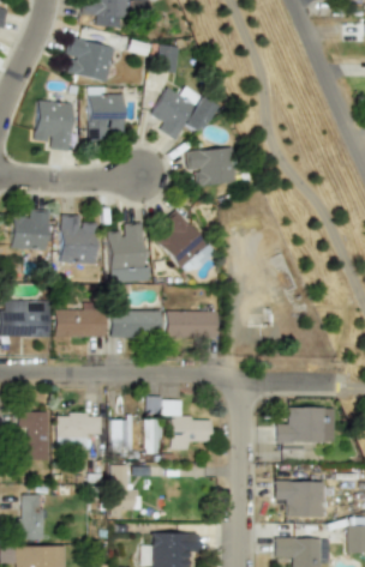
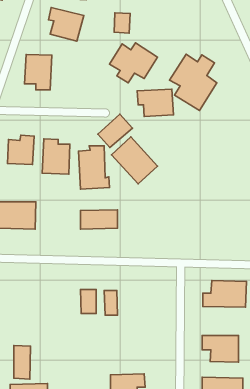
building: [88,95,124,139] -> none
building: none -> [169,54,217,110]
building: none -> [98,114,133,147]
building: [55,302,106,336] -> none
building: [166,310,217,336] -> none
building: [146,398,210,450] -> none
building: [19,411,49,459] -> none
building: [56,414,101,446] -> none

